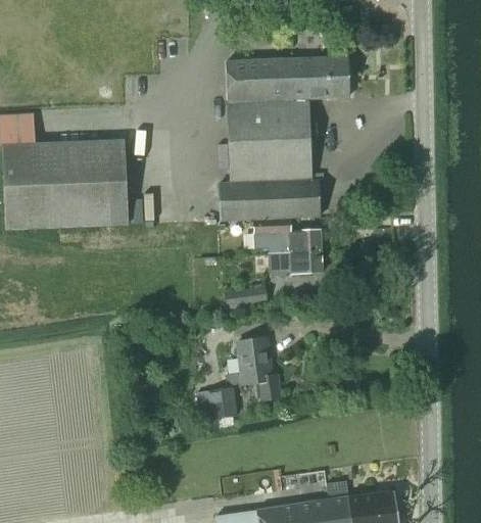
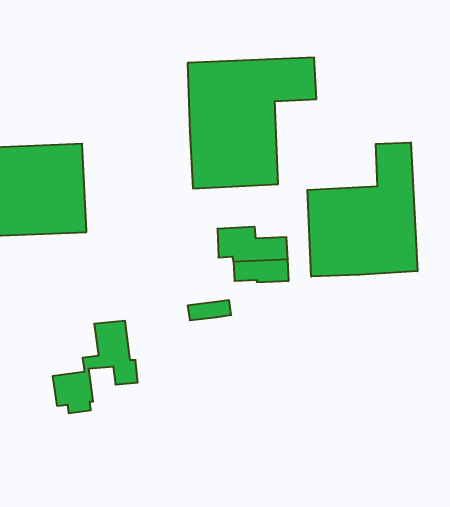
building: none -> [307,142,417,277]
building: [220,178,321,220] -> none
building: [197,338,279,427] -> [53,321,138,413]

